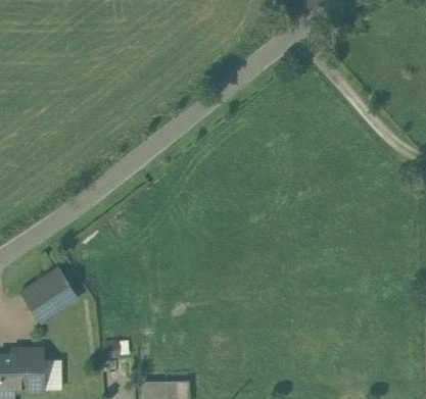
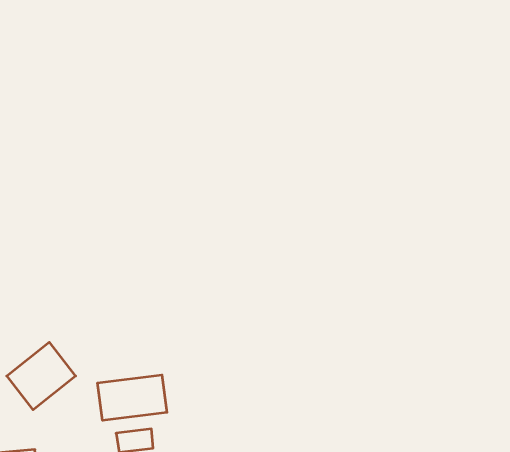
building: none -> [98,375,167,420]

